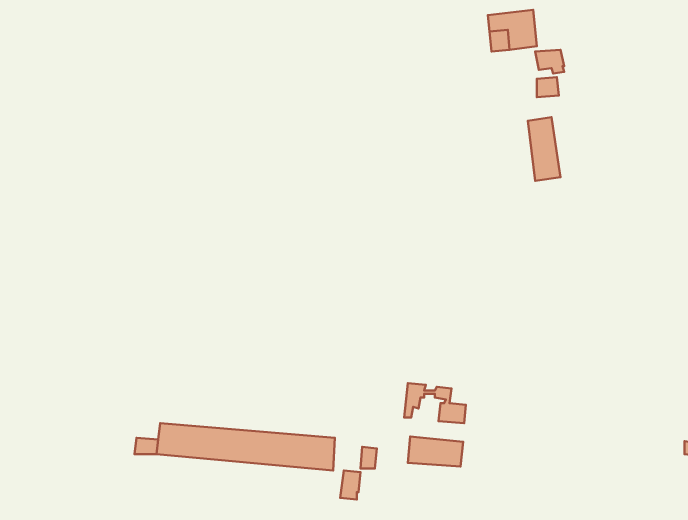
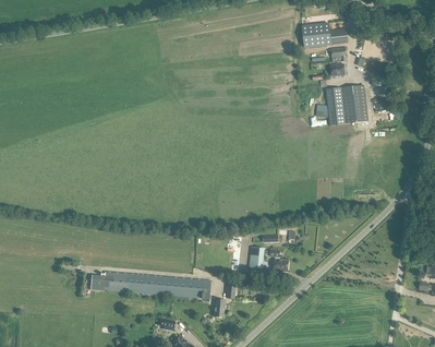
building: none -> [340,85,368,123]
building: [408,436,463,467] -> none

